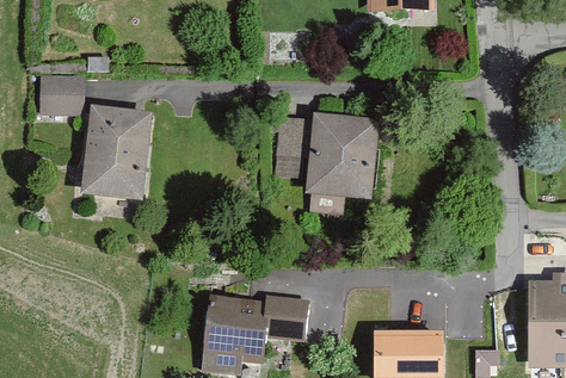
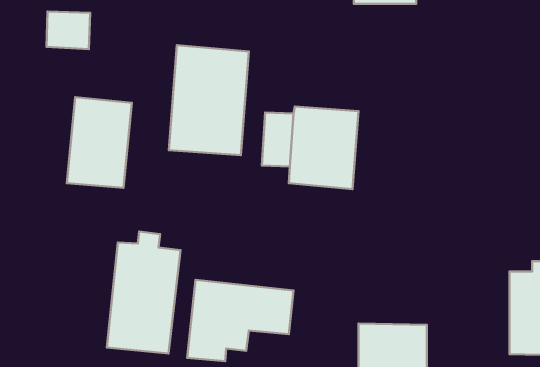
building: none -> [169,45,249,155]
building: [41,76,85,114] -> [46,11,90,49]
building: none -> [107,232,180,354]

